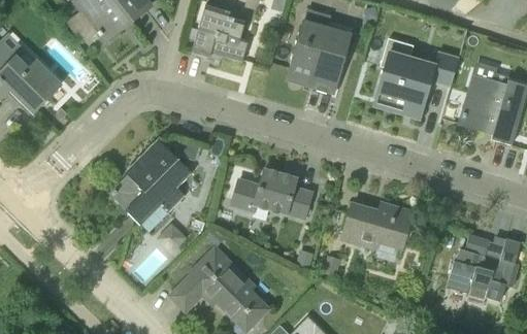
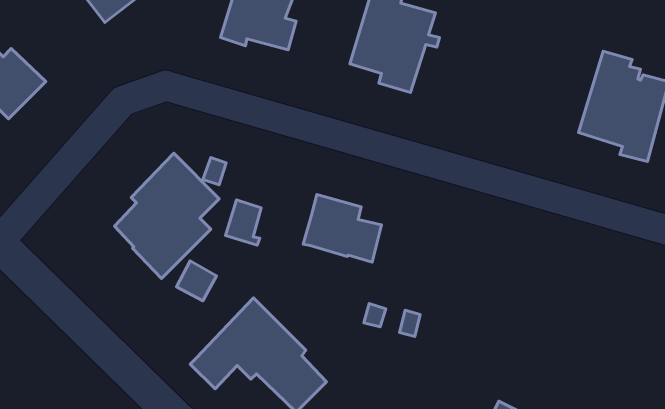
building: [375,38,458,120] -> none
building: [232,178,259,212] -> [226,200,261,245]
building: [340,202,413,249] -> none
building: [446,234,519,302] -> none

